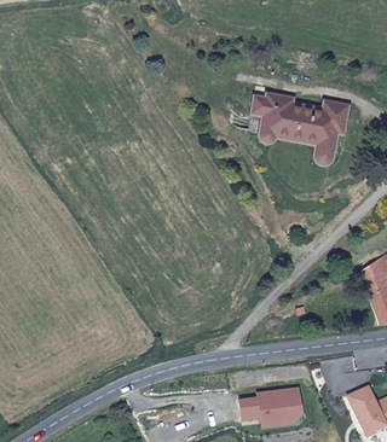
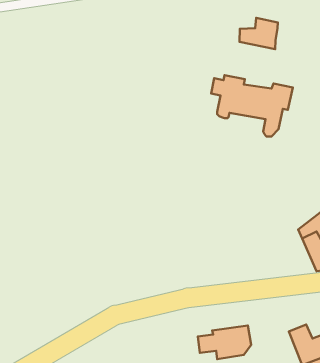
building: none -> [239,18,278,49]

